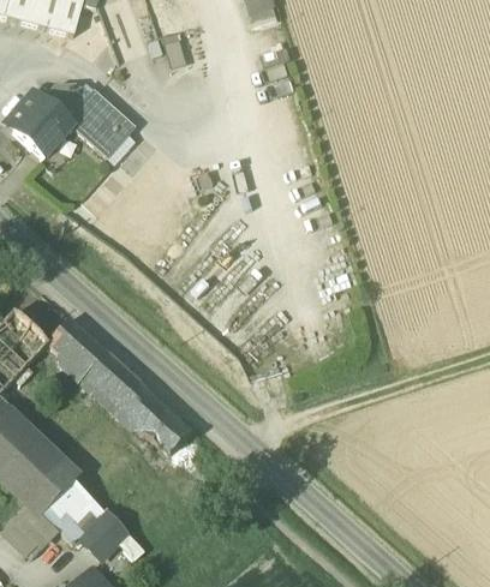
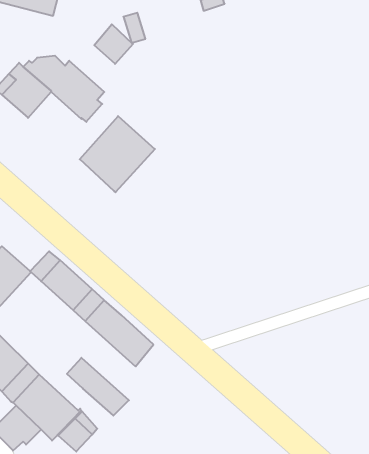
building: none -> [94,24,133,64]
building: none -> [80,116,155,192]
building: none -> [67,358,129,416]

